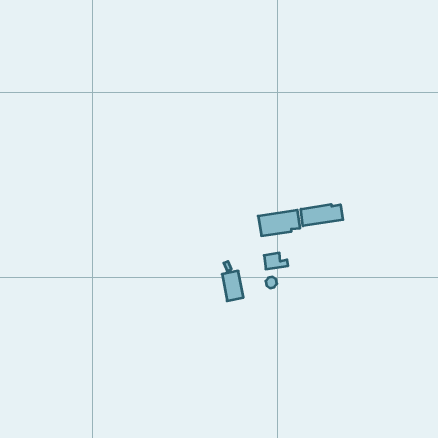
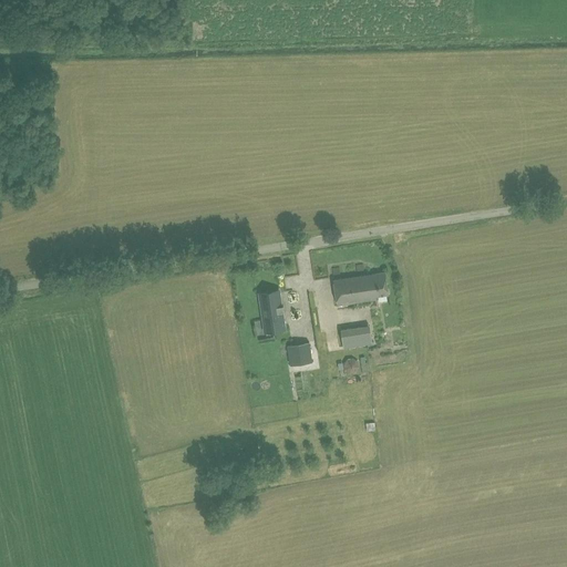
building: [301,204,343,226] -> none
building: none -> [259,291,285,331]

